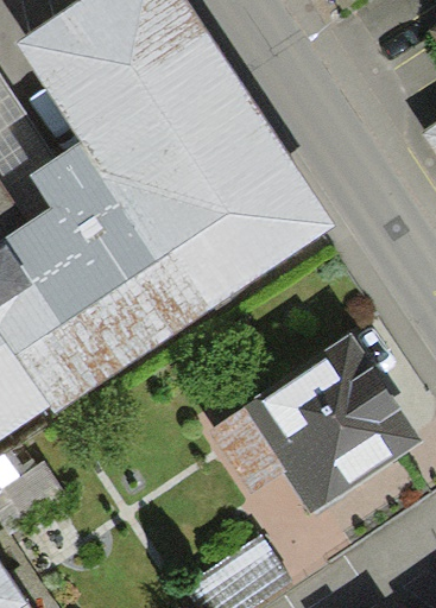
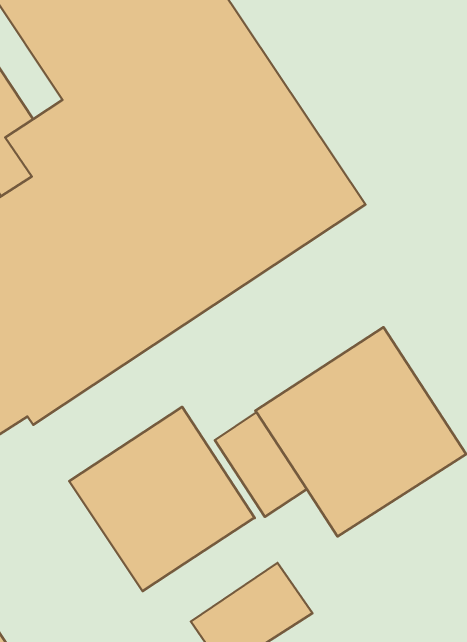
building: none -> [69,407,255,591]

